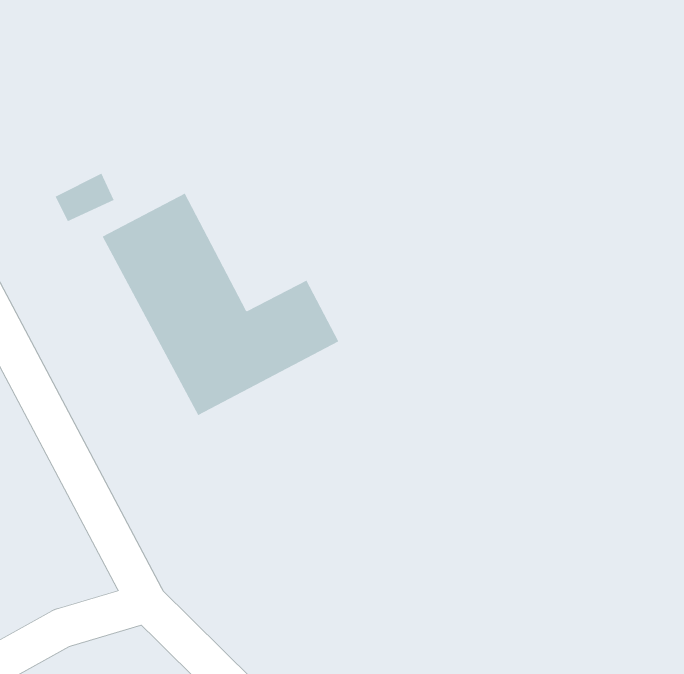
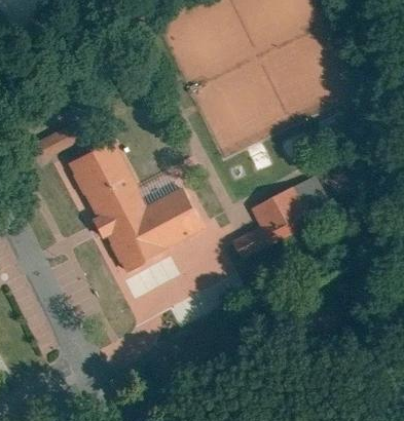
building: none -> [235,187,319,260]

